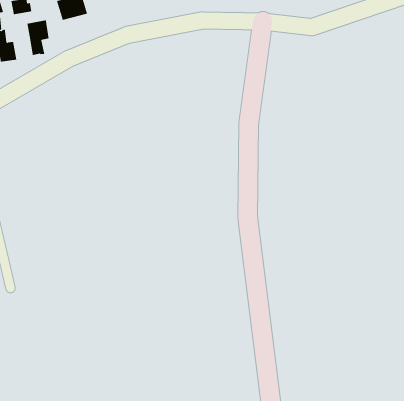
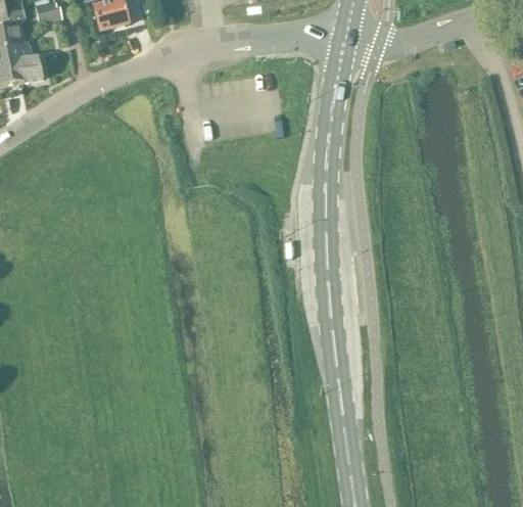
building: [27,19,49,56] -> none

